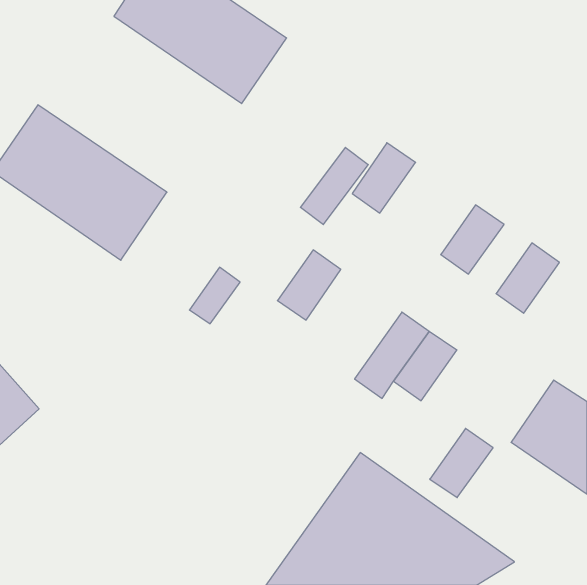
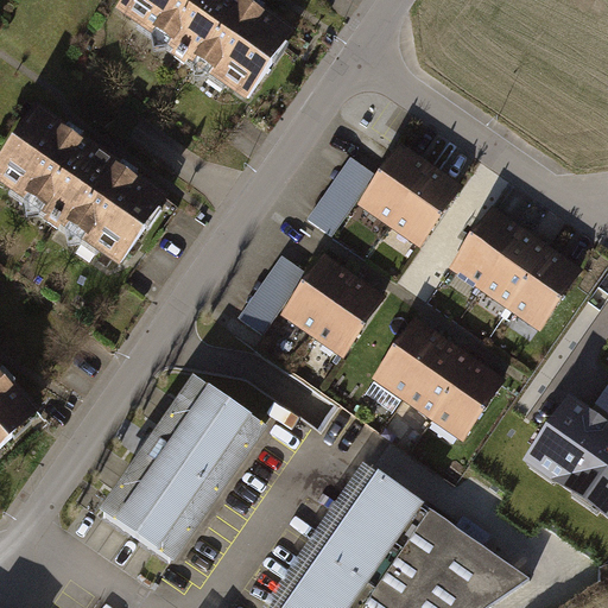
building: none -> [392,167,457,240]
building: none -> [483,232,549,303]
building: [189,267,240,324] -> [255,253,308,311]
building: none -> [316,278,381,349]
building: none -> [104,380,262,559]
building: [430,428,493,498] -> [435,361,500,432]

